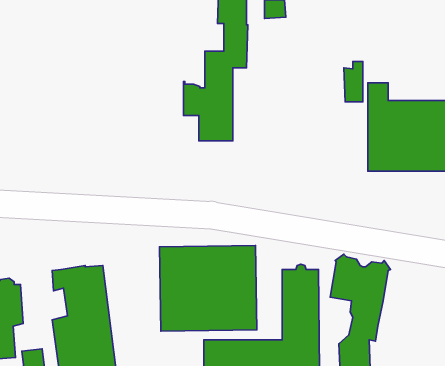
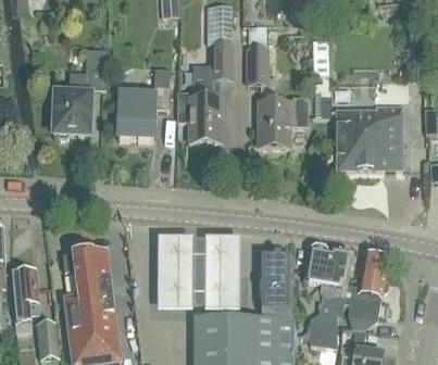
building: none -> [247,48,308,148]
building: none -> [53,49,108,135]
building: none -> [117,68,170,138]
building: none -> [341,250,389,328]

